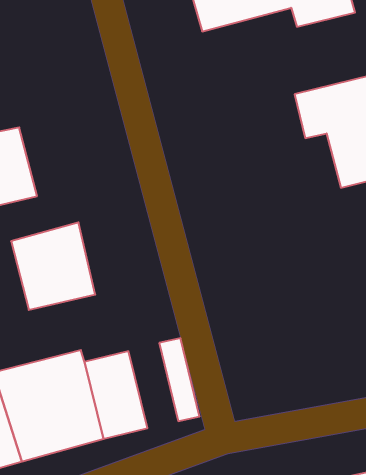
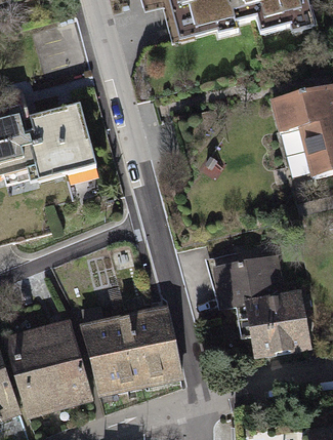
building: [11,222,95,310] -> [24,107,96,183]
building: none -> [210,252,314,358]
building: none -> [118,310,161,384]

